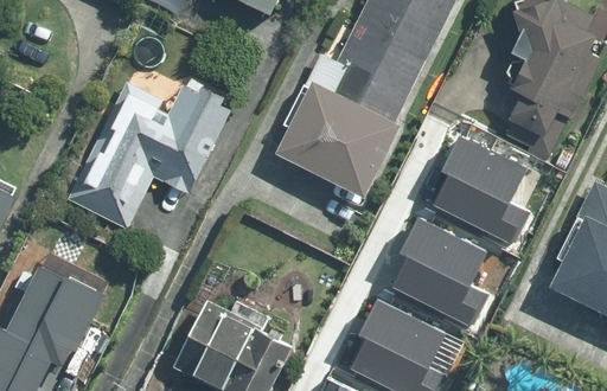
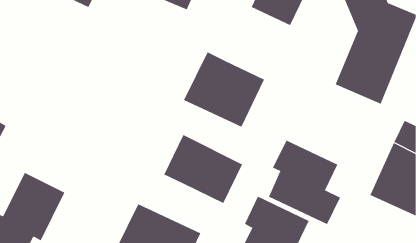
building: [331,20,424,124] -> none
building: [74,85,219,235] -> none
building: [434,126,538,249] -> none
building: none -> [164,134,243,204]

